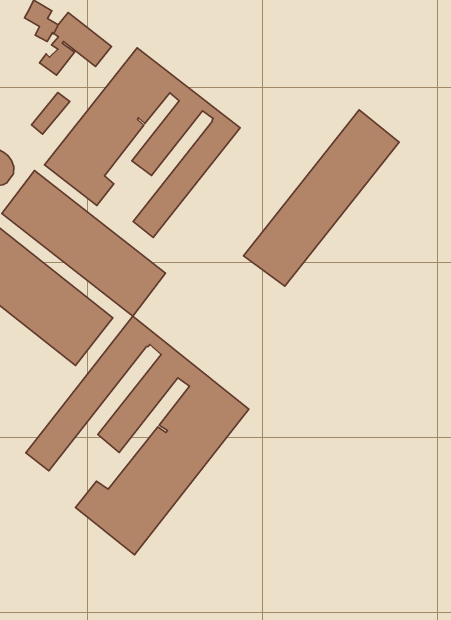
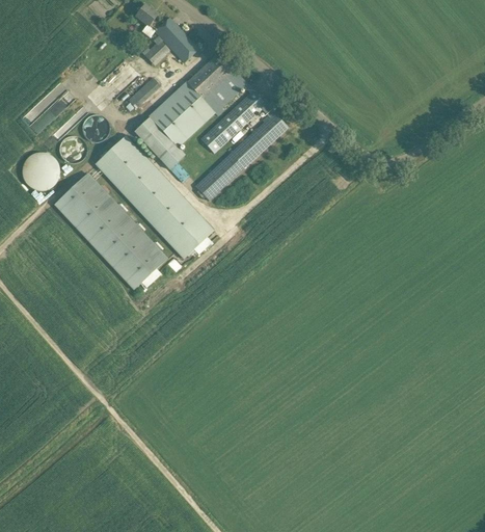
building: [243,110,399,286] -> none
building: [26,316,249,555] -> none

